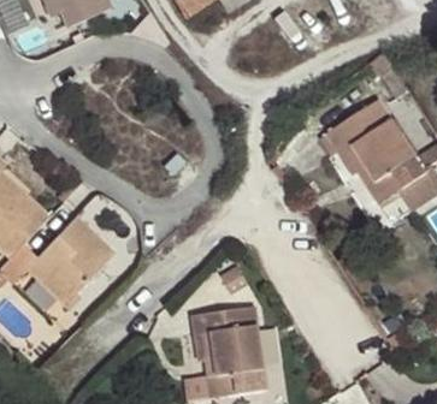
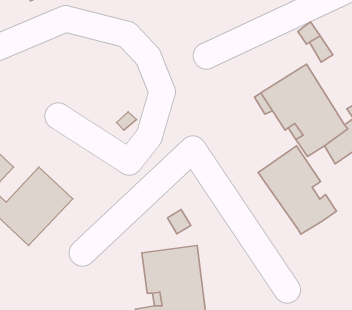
building: none -> [258,146,336,234]

